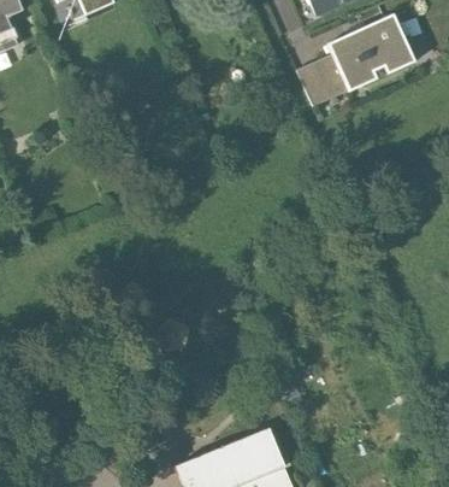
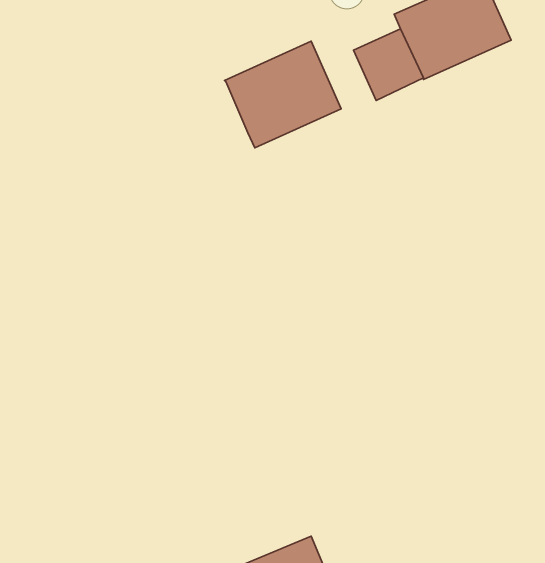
building: none -> [225,41,341,148]

